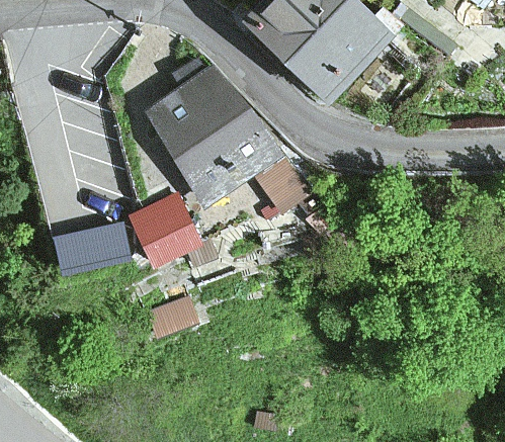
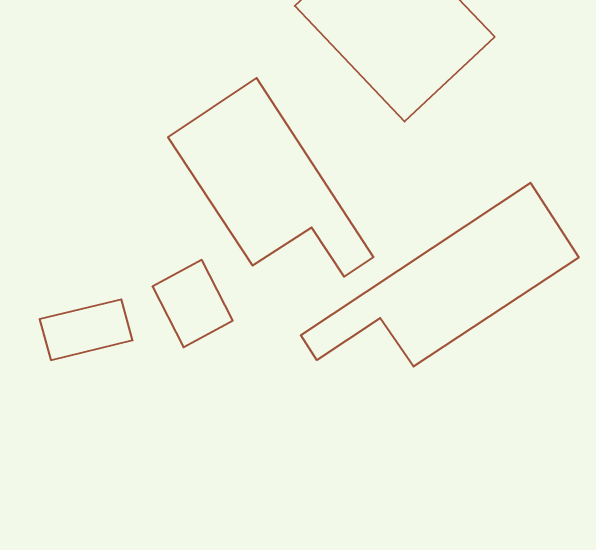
building: none -> [301,183,579,367]

